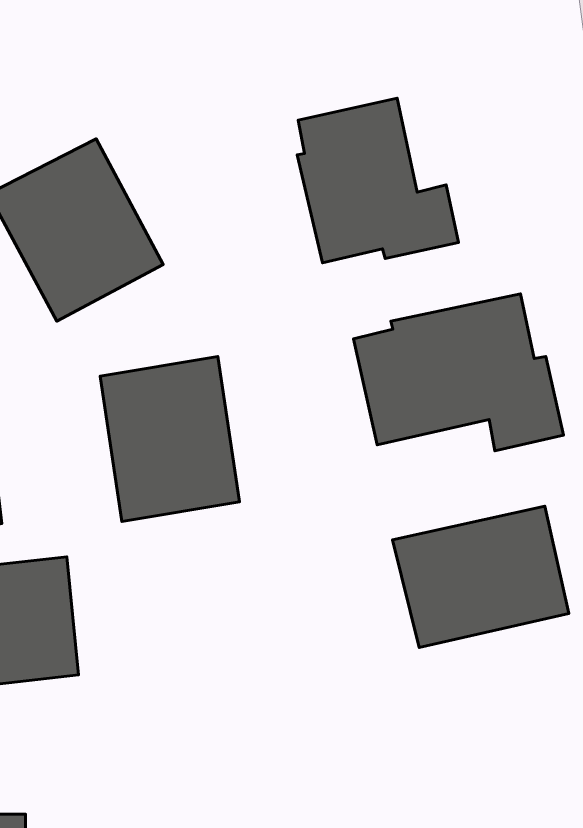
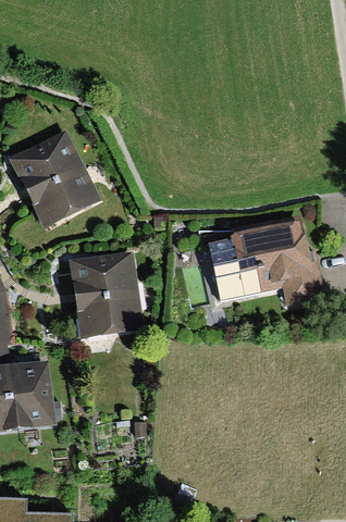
building: [297,98,459,263] -> none
building: [392,506,569,647] -> none

